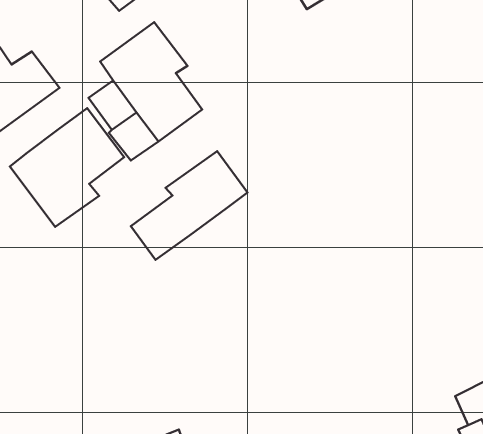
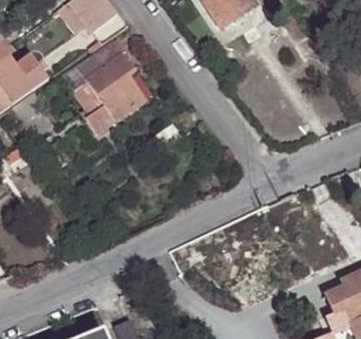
building: [10,108,124,227] -> none
building: [131,151,247,260] -> none

